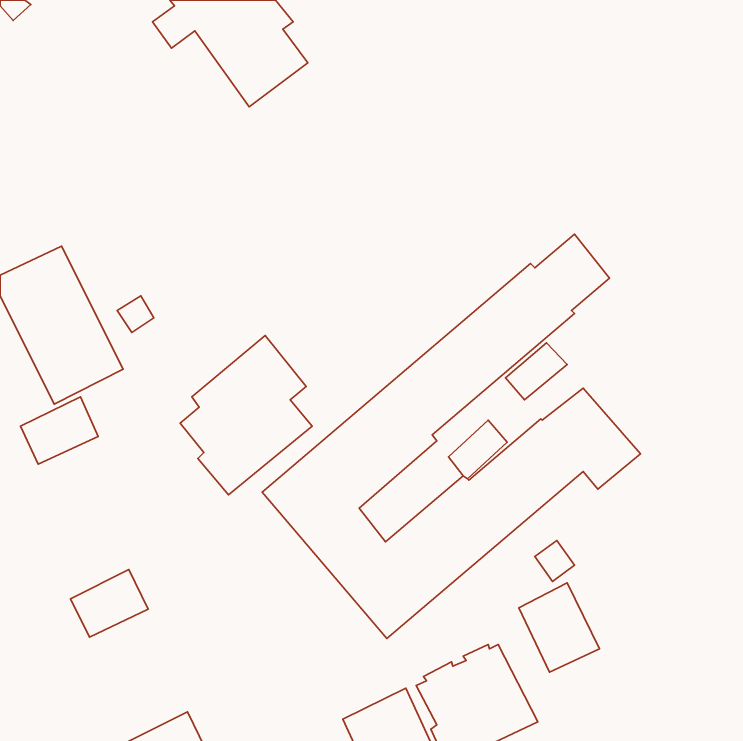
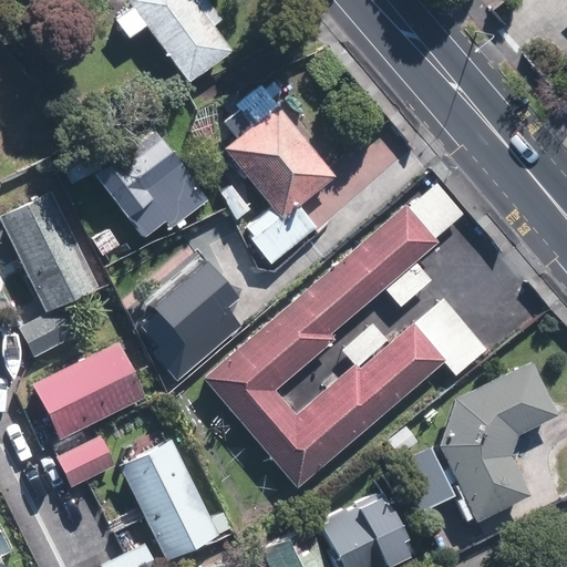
building: none -> [224,105,333,265]
building: none -> [95,128,207,238]
building: none -> [32,342,145,440]
building: none -> [439,361,558,522]
building: none -> [120,440,219,560]

